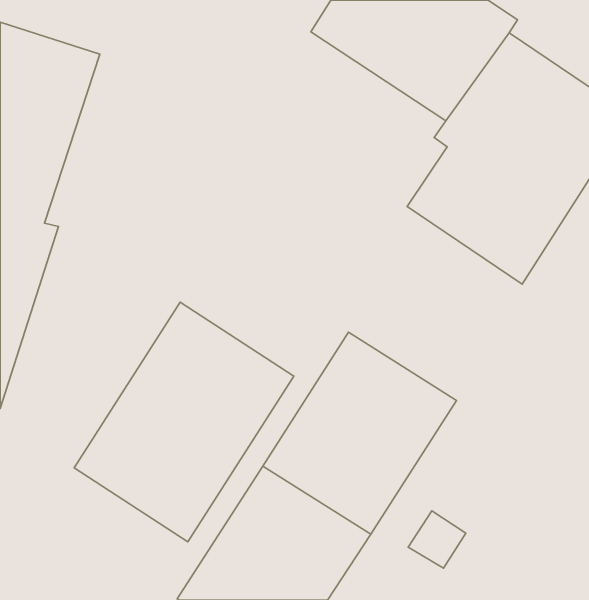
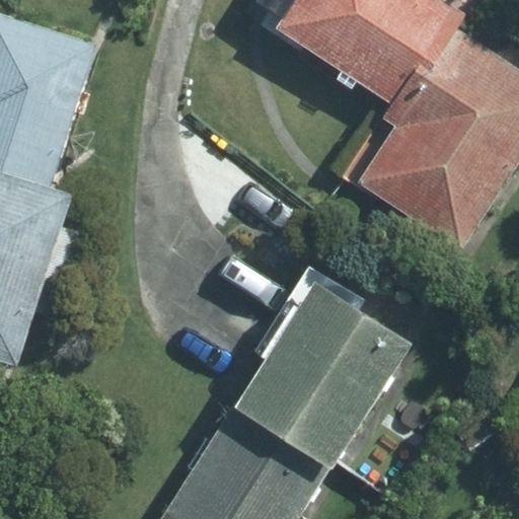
building: [74,302,294,542] -> none

